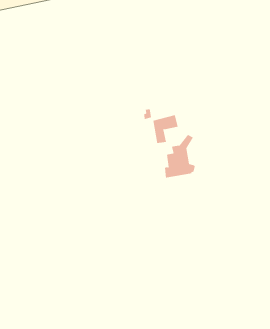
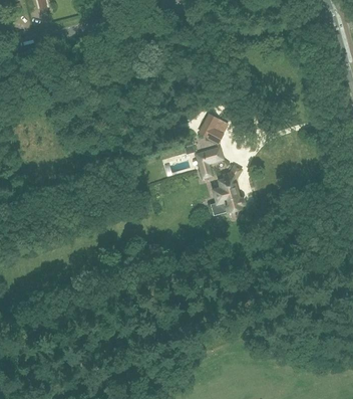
building: none -> [197,113,223,144]

